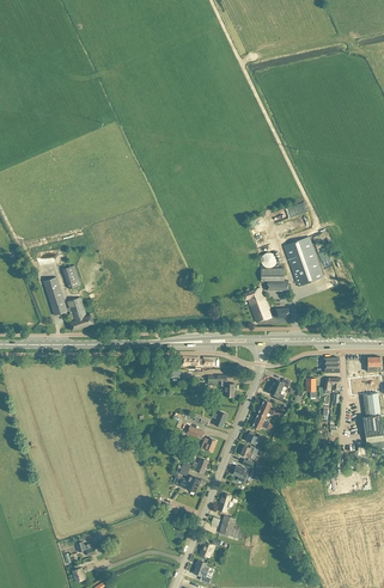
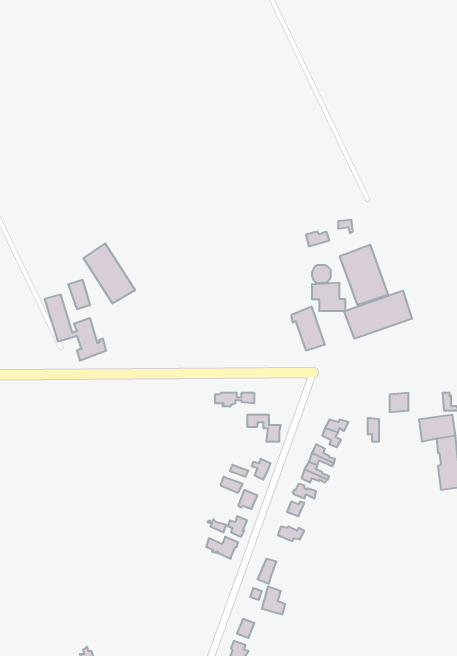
building: none -> [84,243,135,304]
building: none -> [344,291,412,339]

